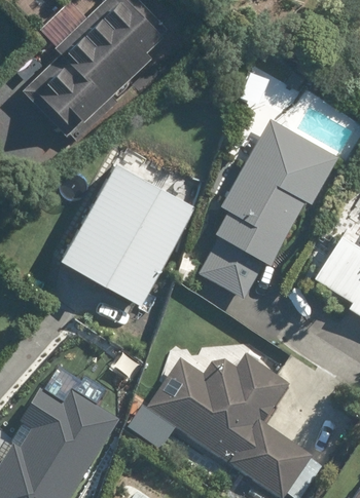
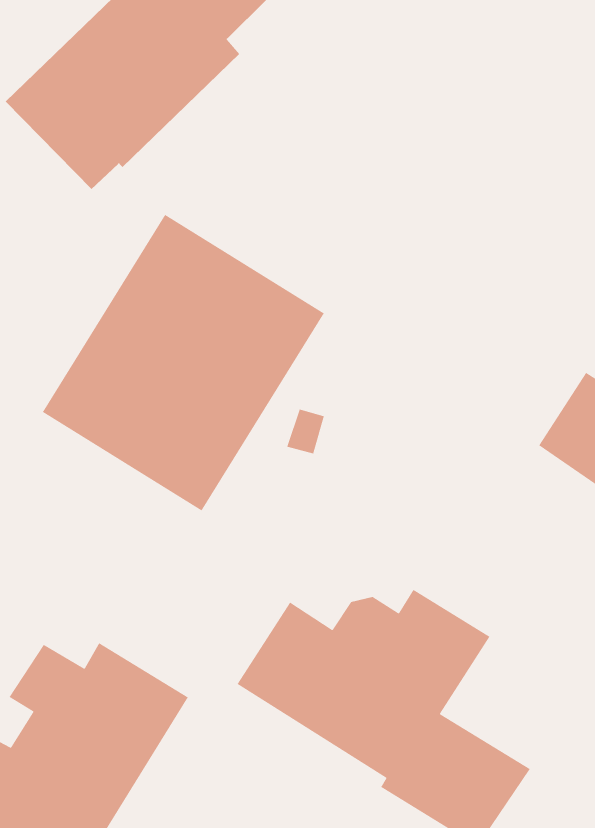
building: [197,119,338,300] -> none

